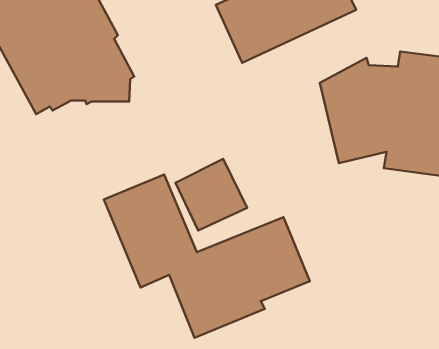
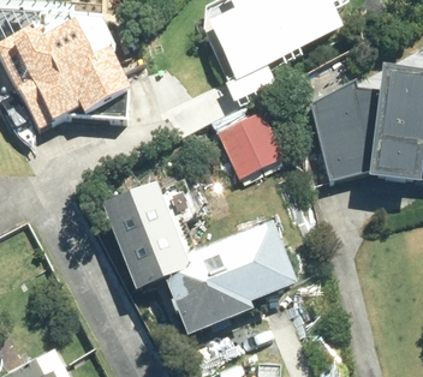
building: [175,159,247,230] -> [213,103,281,172]

